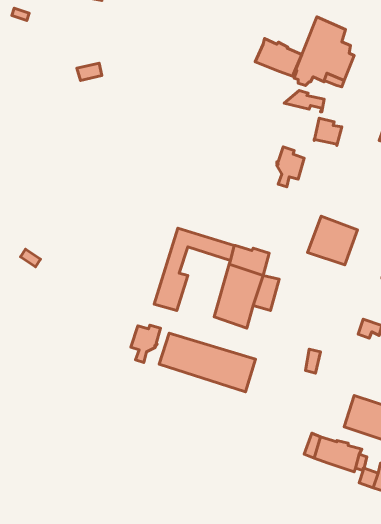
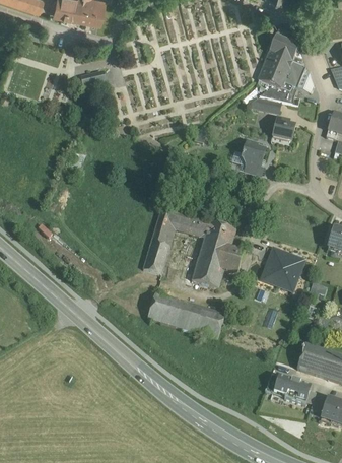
building: [255,38,302,76] -> none
building: [307,216,357,265] -> [262,252,302,291]
building: [131,325,161,362] -> none

